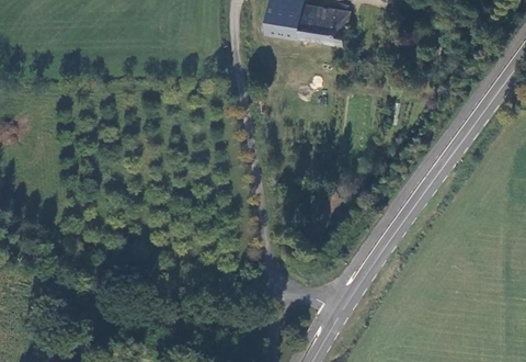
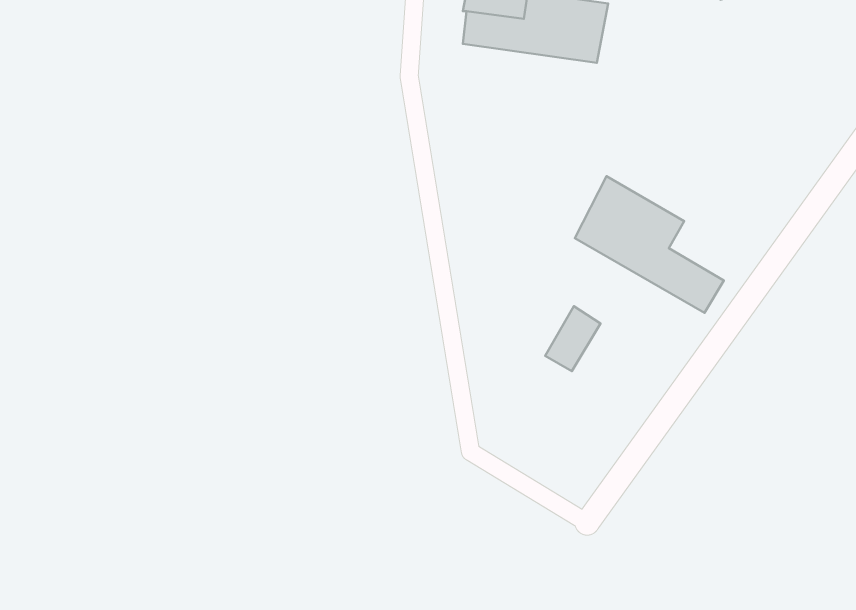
building: none -> [575,176,724,313]

